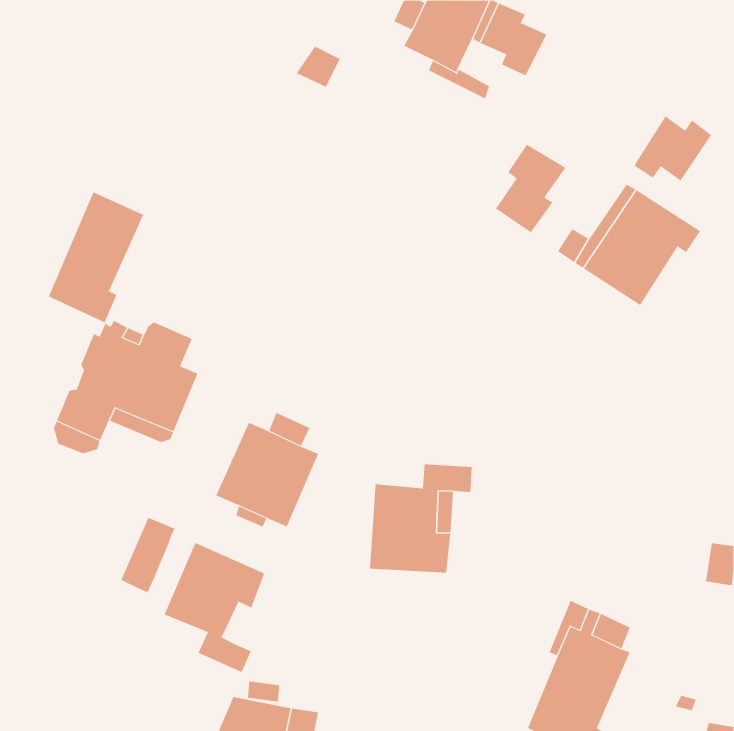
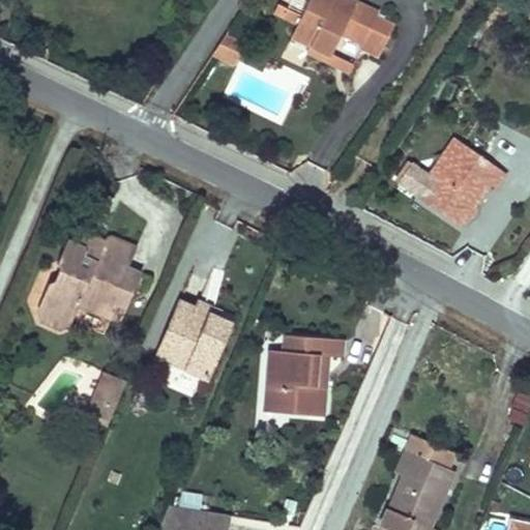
building: [634,116,712,181] -> none
building: [495,144,566,233] -> none
building: [48,191,144,323] -> none
building: [164,542,265,673] -> none

